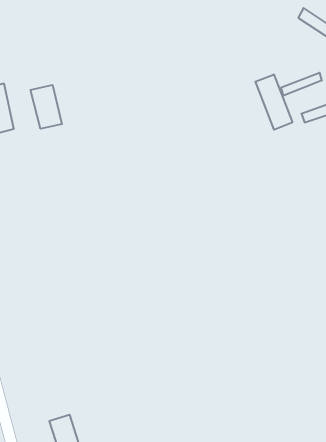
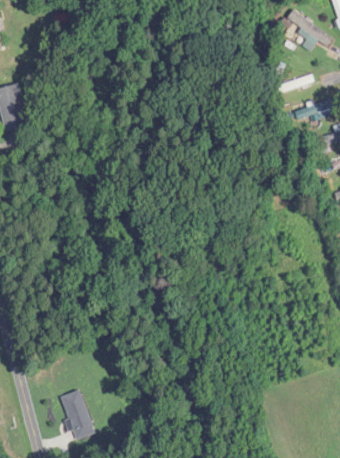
building: [255,74,292,130] -> none
building: [30,85,62,129] -> none

